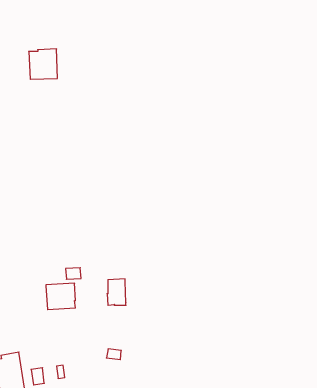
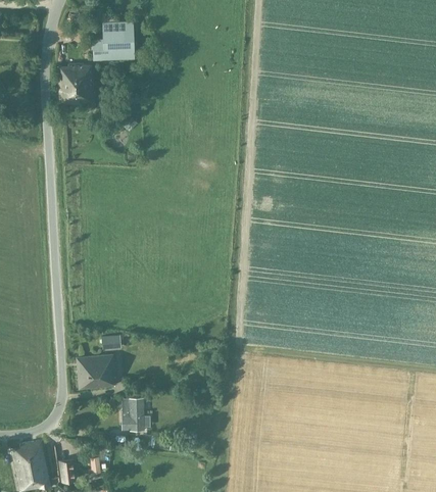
building: none -> [93,19,135,57]
building: [107,279,126,305] -> [120,397,144,430]

